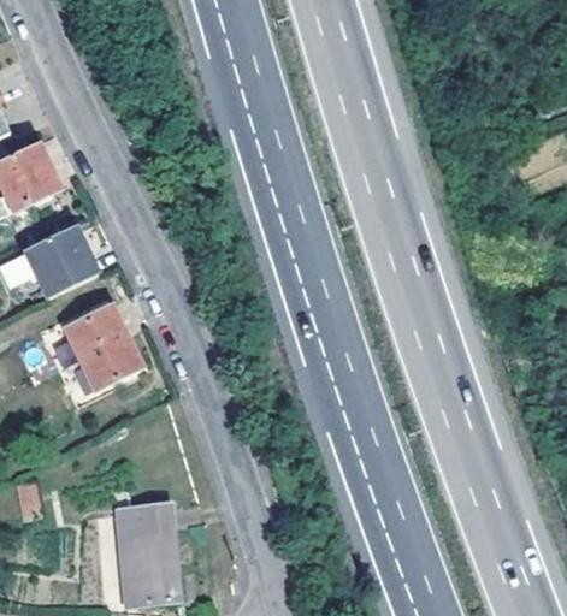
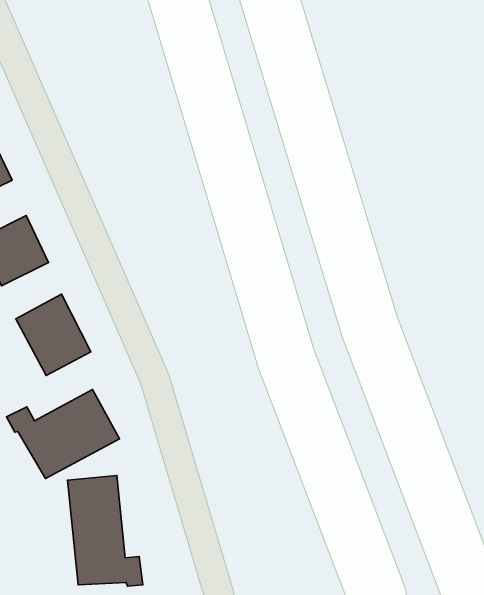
building: none -> [6,389,119,479]

